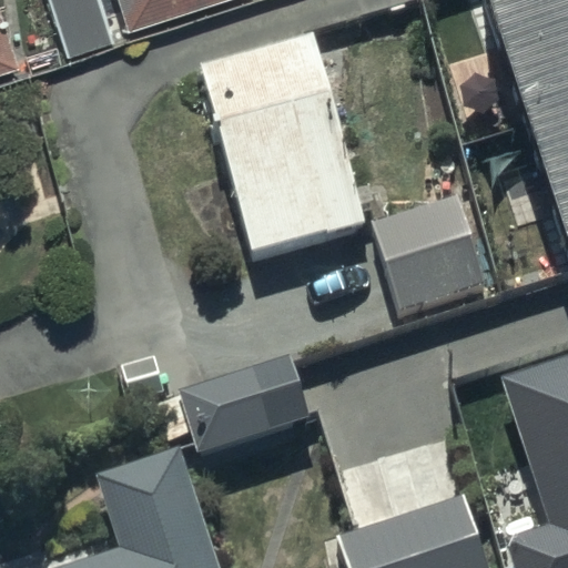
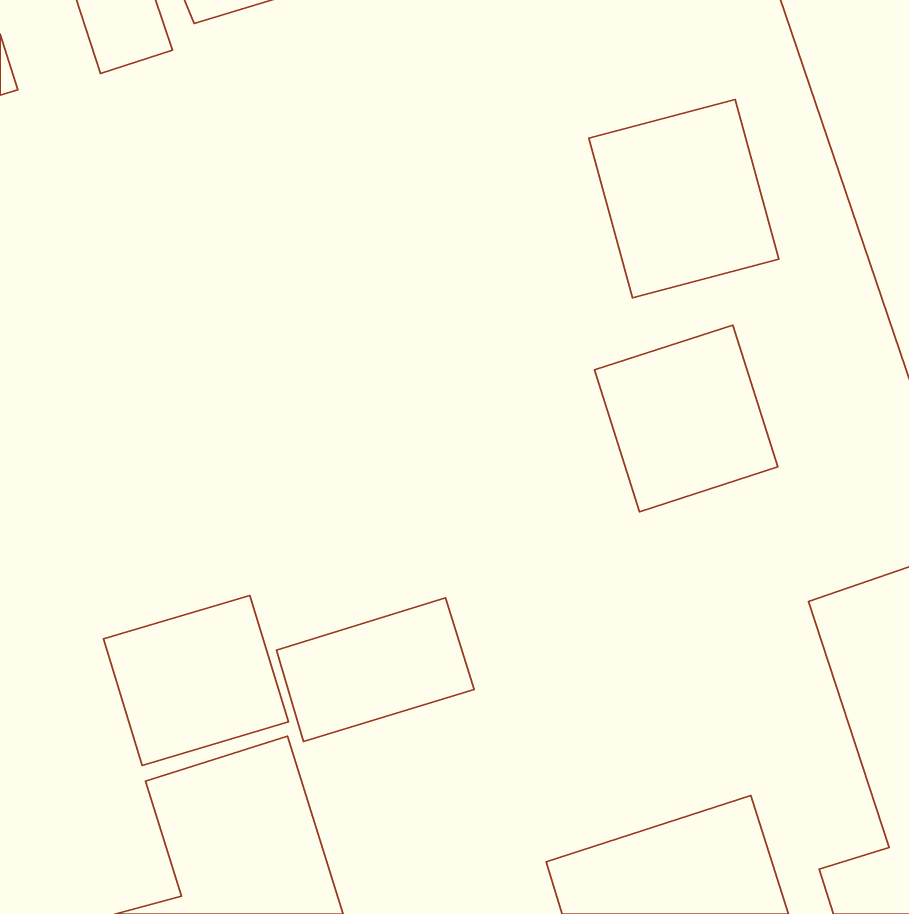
building: [199,41,375,260] -> none
building: none -> [589,100,779,298]
building: none -> [104,595,288,765]

